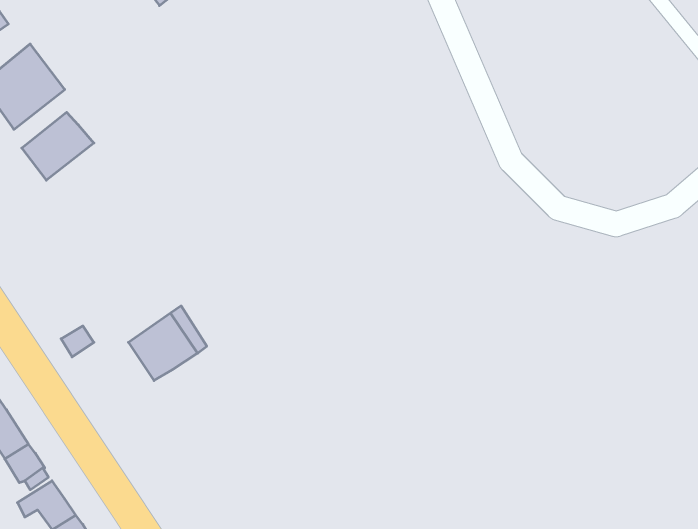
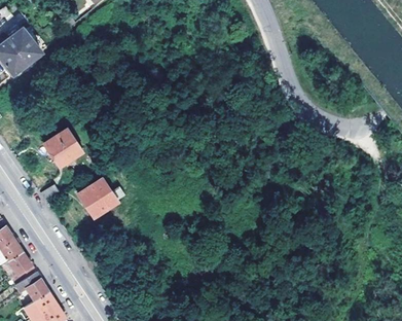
building: [22,112,94,180] -> none
building: none -> [43,129,82,168]

